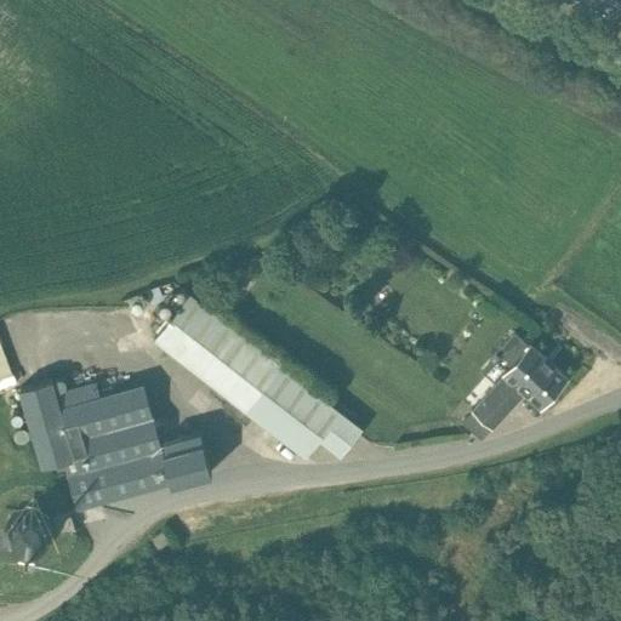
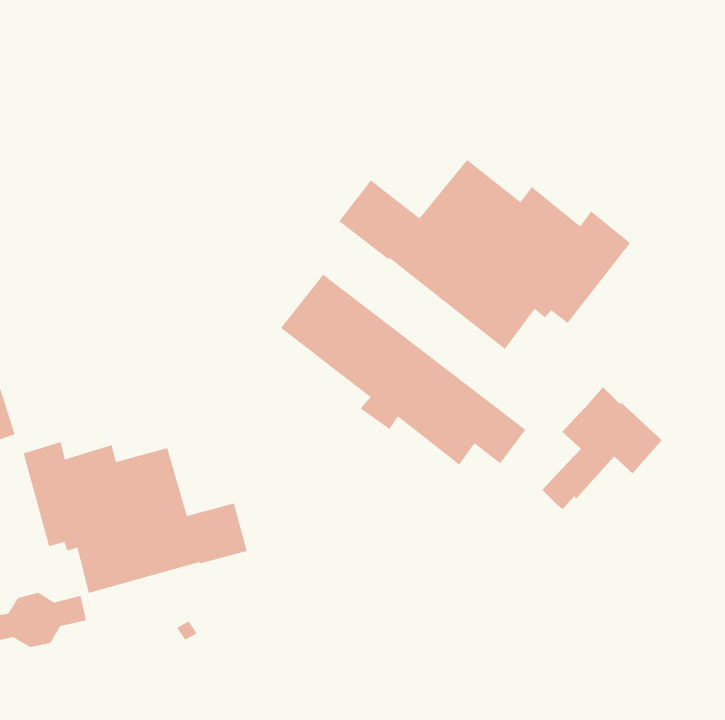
building: none -> [338,159,631,350]
building: [153,296,363,460] -> [280,274,526,465]

